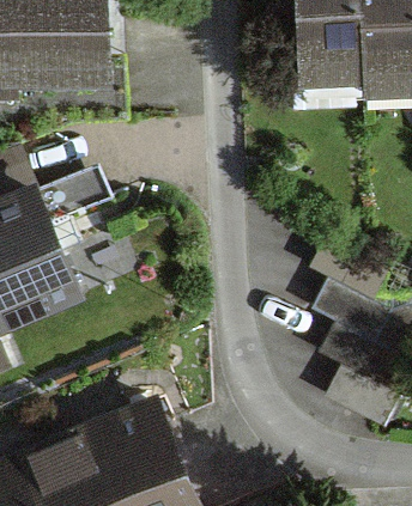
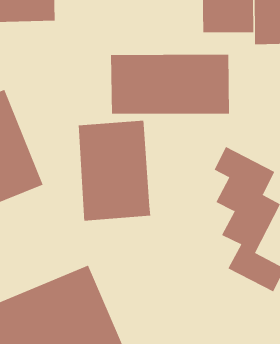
building: none -> [110,54,230,115]
building: none -> [78,120,151,221]

